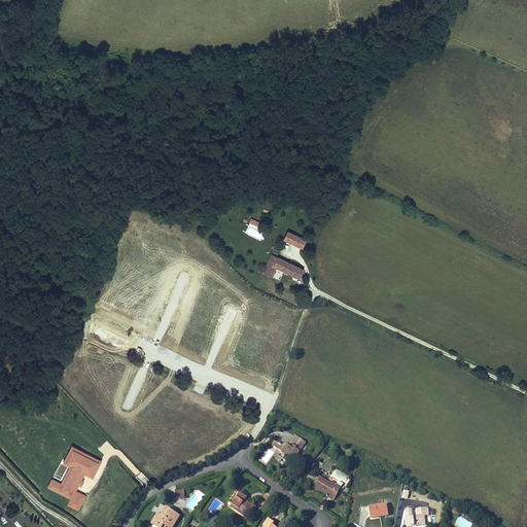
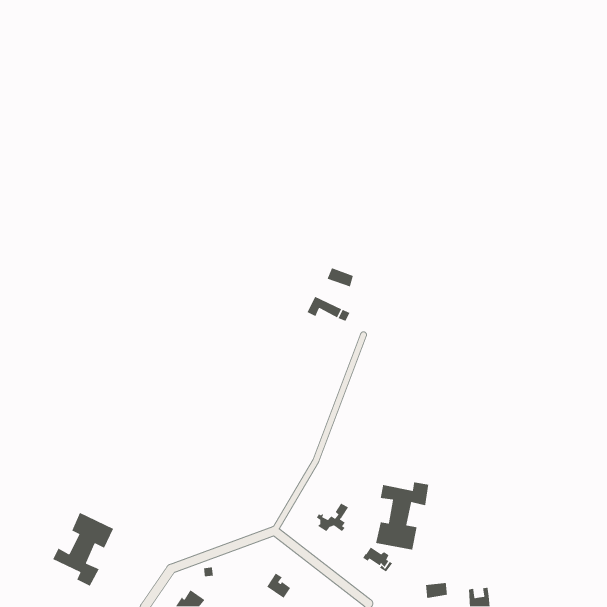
building: none -> [375,482,429,551]

